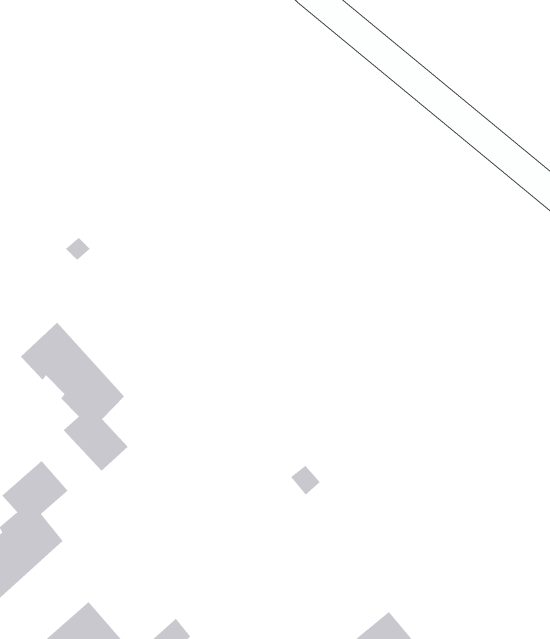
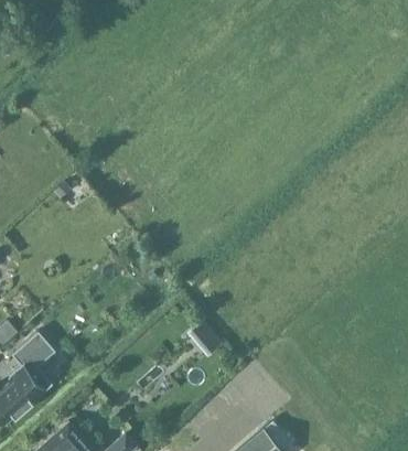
building: [20,322,129,472] -> none

